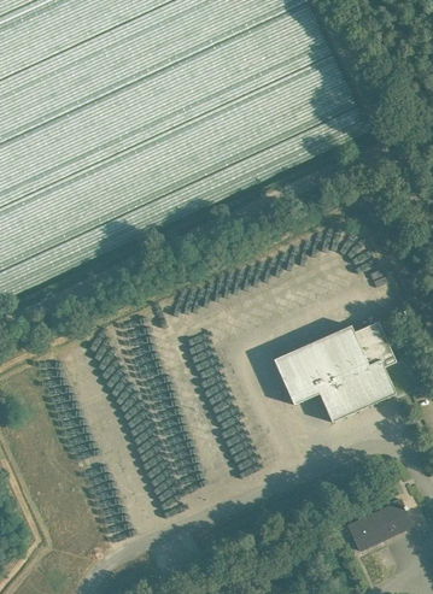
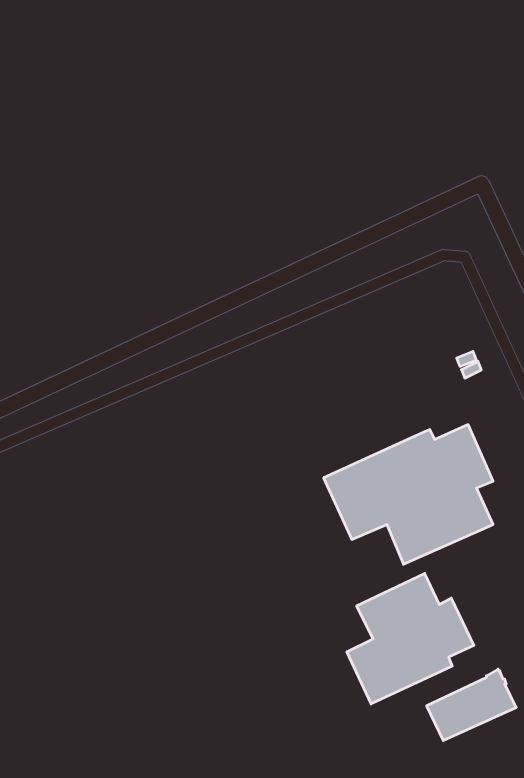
building: none -> [347,573,474,704]

